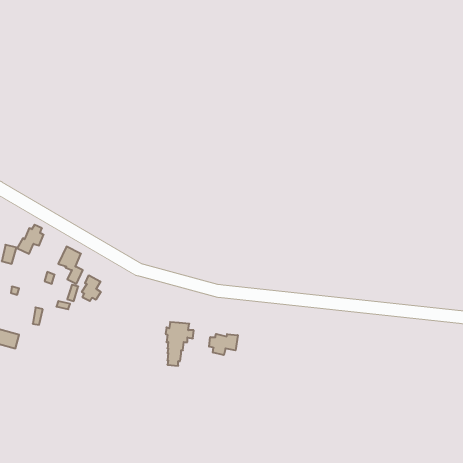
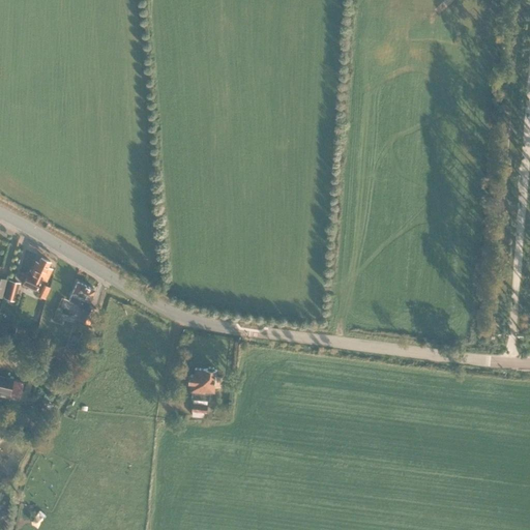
building: [82,275,101,301] -> none
building: [209,334,238,355] -> none

